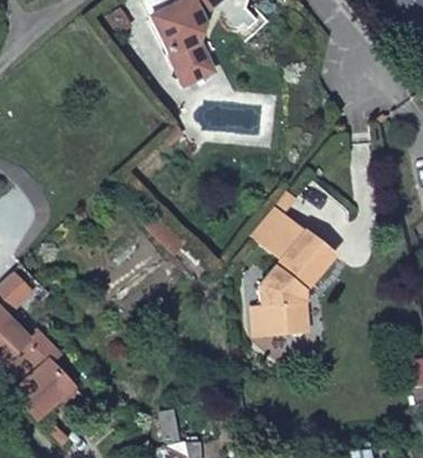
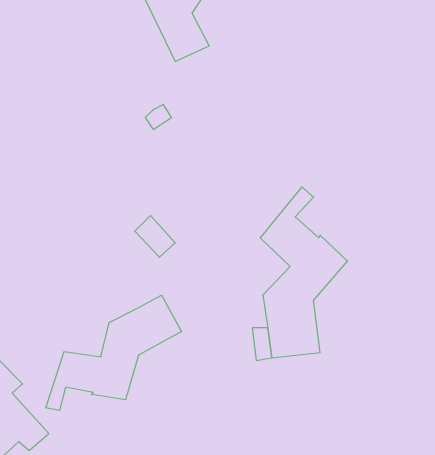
building: none -> [46,295,182,410]

